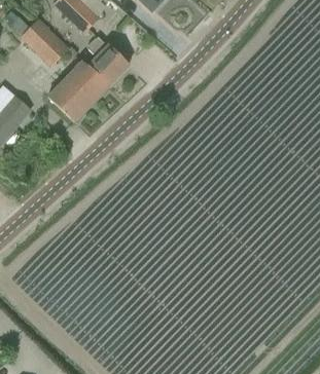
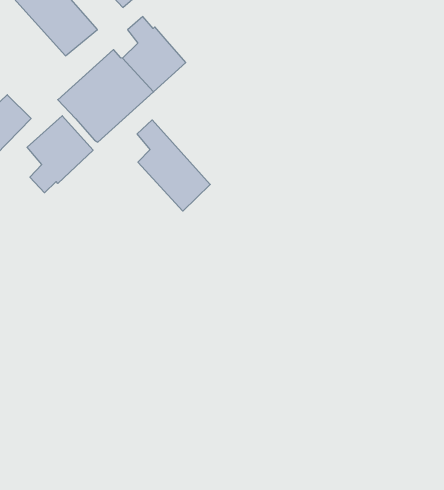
building: none -> [137,120,210,211]
building: none -> [27,116,93,193]

